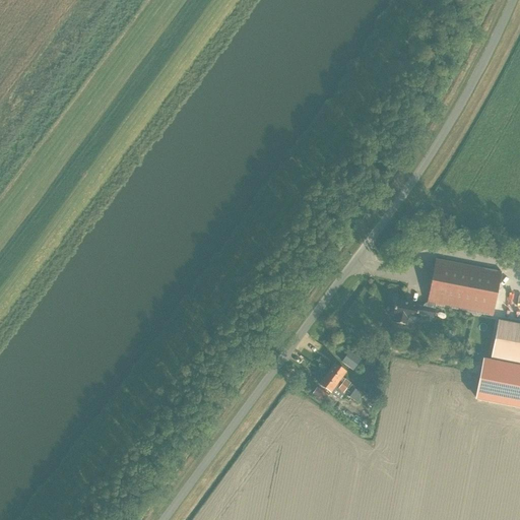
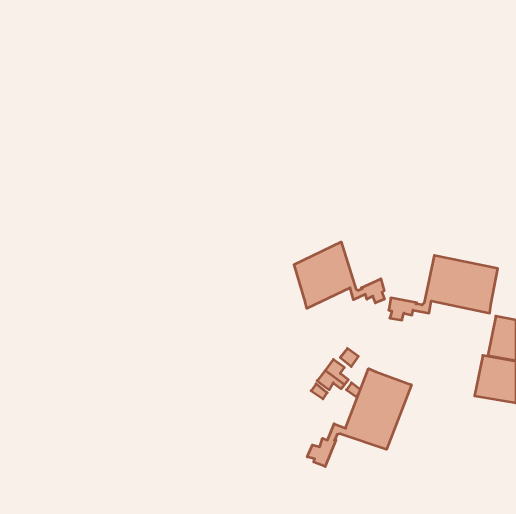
building: none -> [294,242,384,308]
building: none -> [307,369,411,467]

